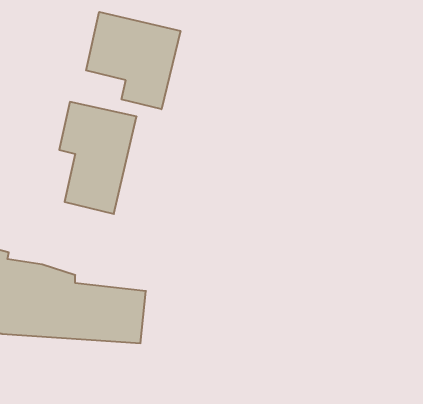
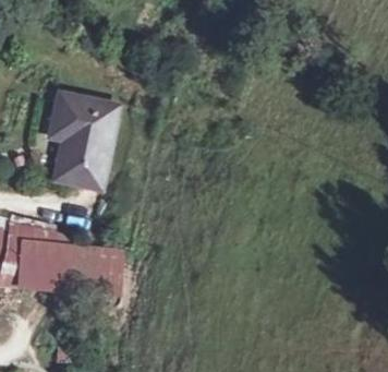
building: [86,12,180,109] -> none

